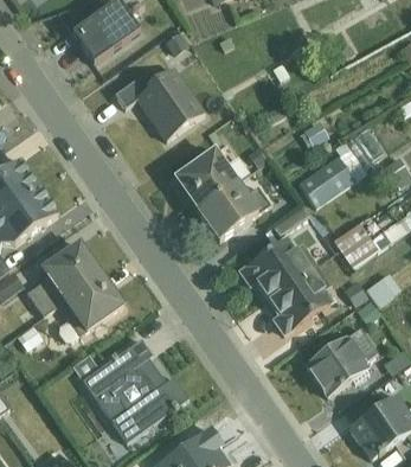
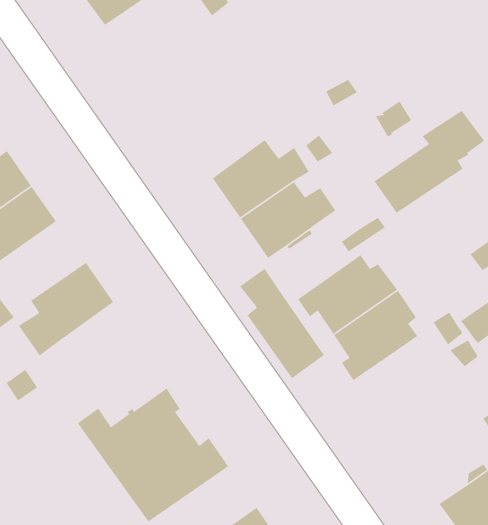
building: [114,66,206,140] -> none
building: [333,222,378,268] -> none
building: none -> [239,268,325,379]
building: [58,274,123,343] -> none
building: [306,327,377,397] -> none

